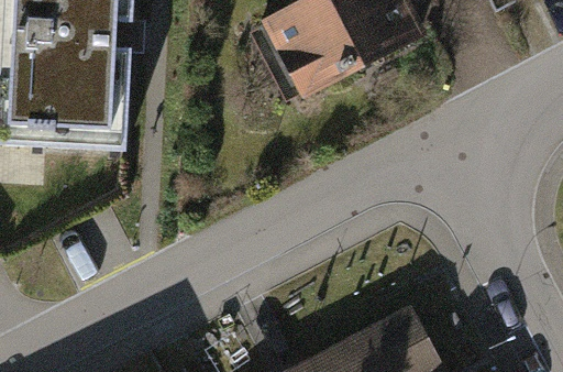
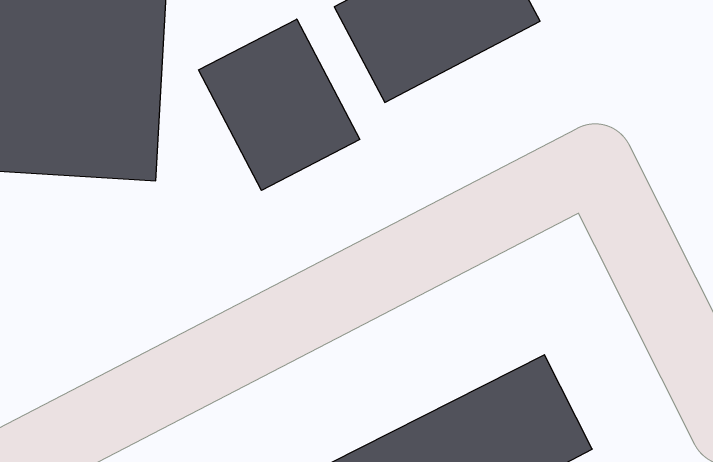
building: none -> [199,19,360,190]

